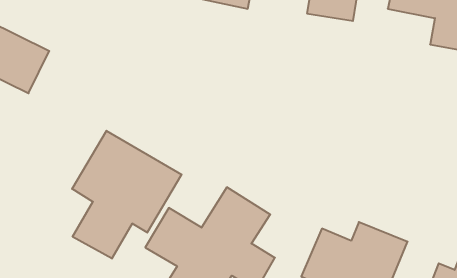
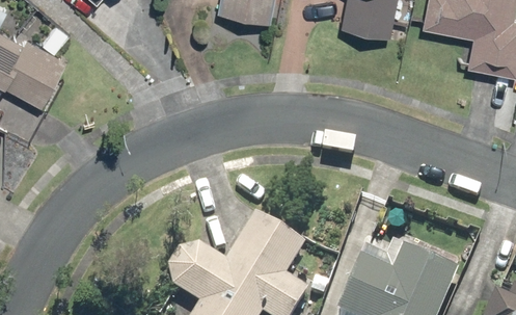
building: [72,131,182,259] -> none

